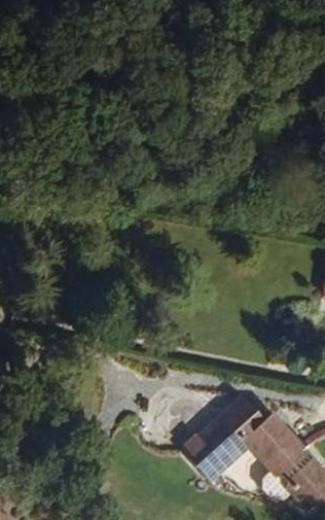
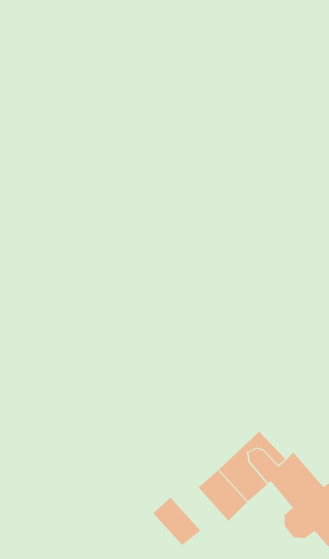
building: none -> [153,497,201,546]

